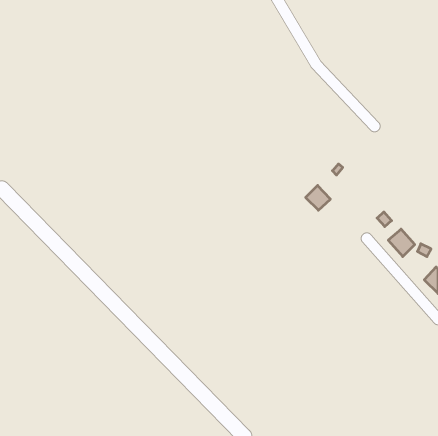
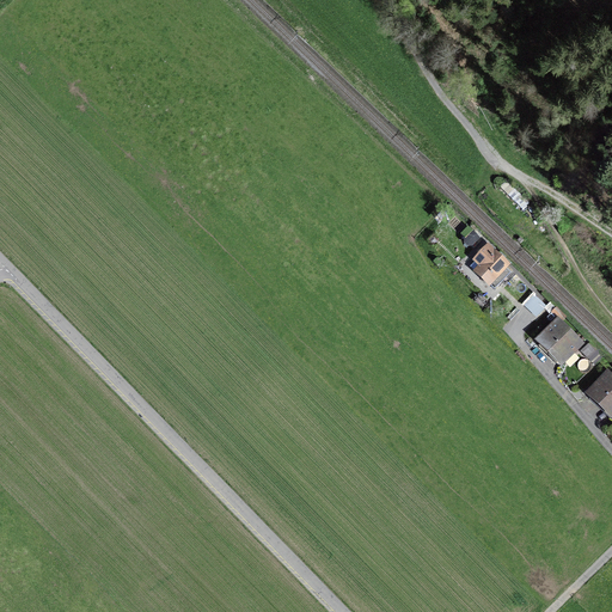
building: [306,185,330,210] -> [471,250,506,284]

